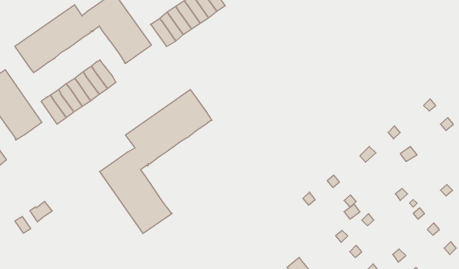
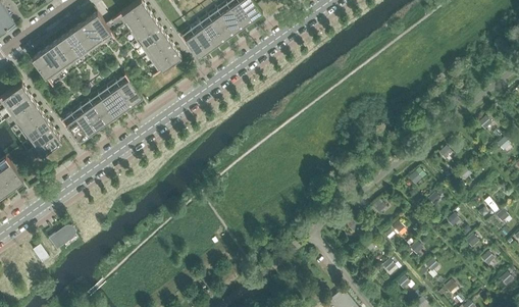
building: [100,89,212,234] -> none

